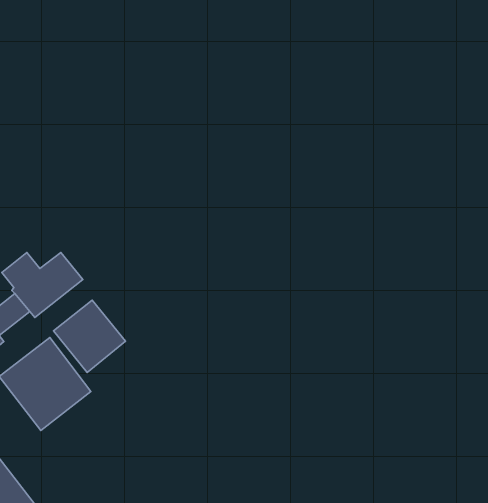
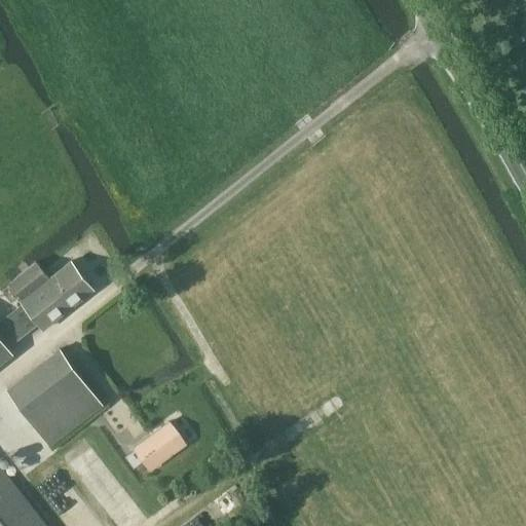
building: [54,300,126,372] -> none
building: none -> [124,423,185,472]

